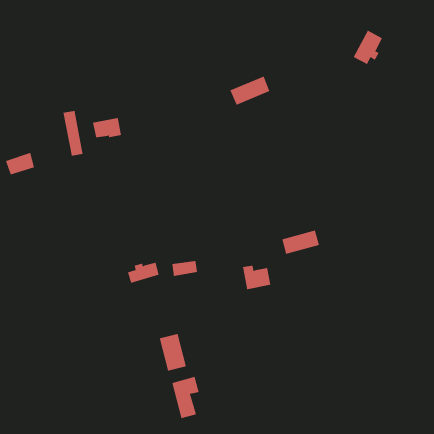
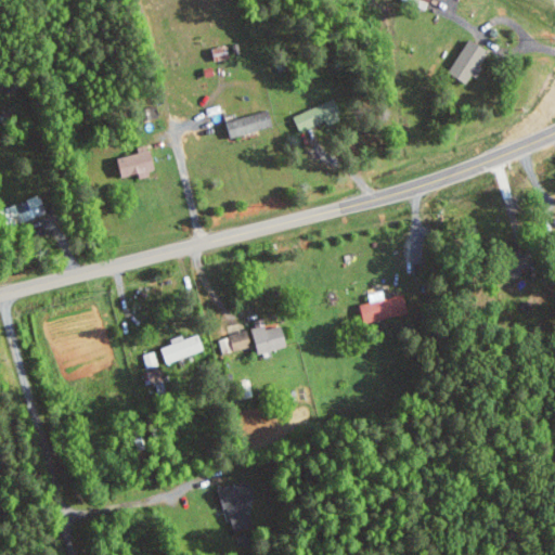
building: none -> [225,111,272,139]
building: [63,110,83,157] -> none
building: [242,265,271,290] -> [250,323,287,354]
building: [159,333,187,372] -> none

